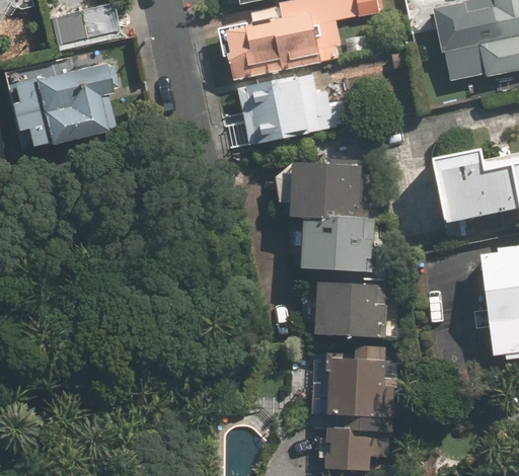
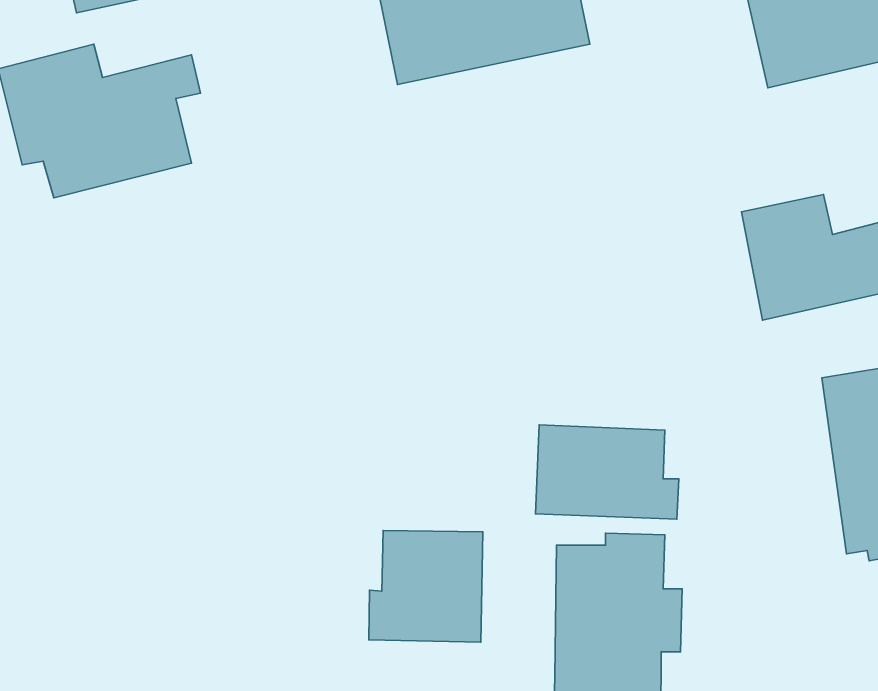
building: [240,68,343,145] -> none
building: [277,161,376,271] -> none
building: none -> [369,531,483,642]

